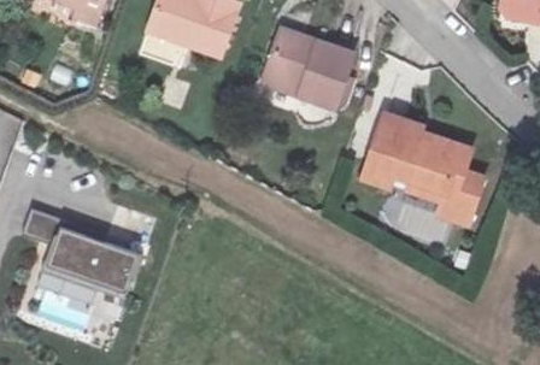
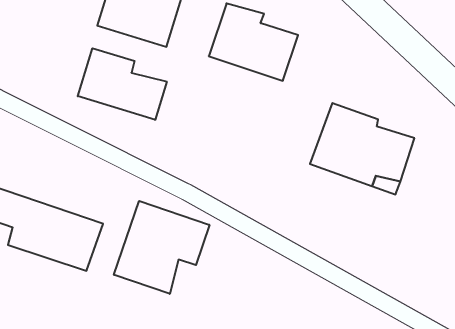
building: none -> [78,48,167,120]
building: none -> [114,201,209,294]

